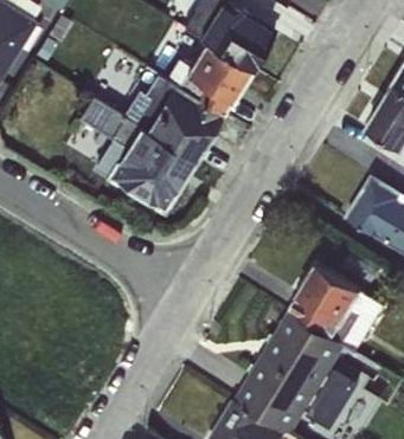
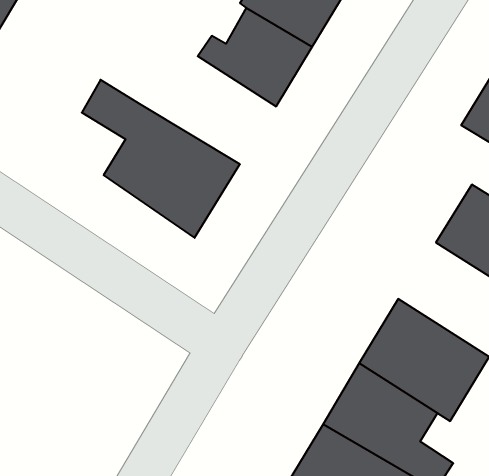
building: [122,75,224,161] -> none

